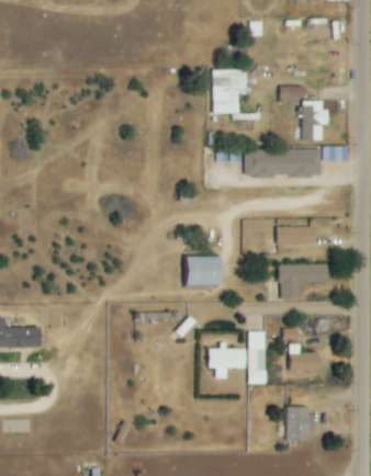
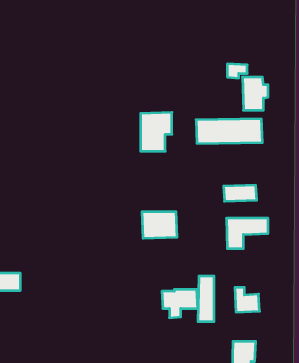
building: [211,69,247,114] -> [141,112,172,151]

